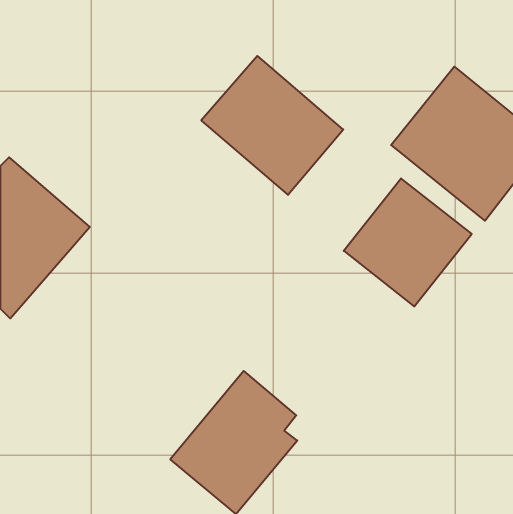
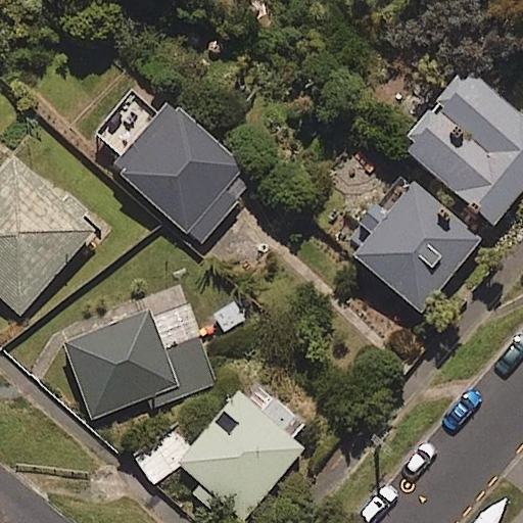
building: [201,56,343,195] -> [112,103,256,244]
building: none -> [63,307,213,417]

